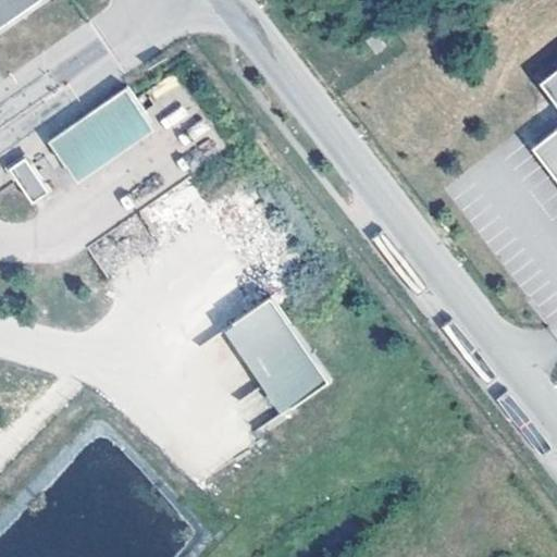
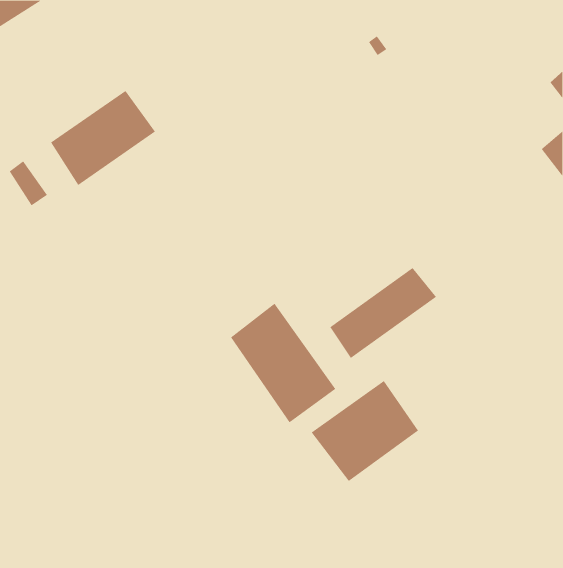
building: none -> [330,267,437,359]
building: none -> [311,380,419,482]

